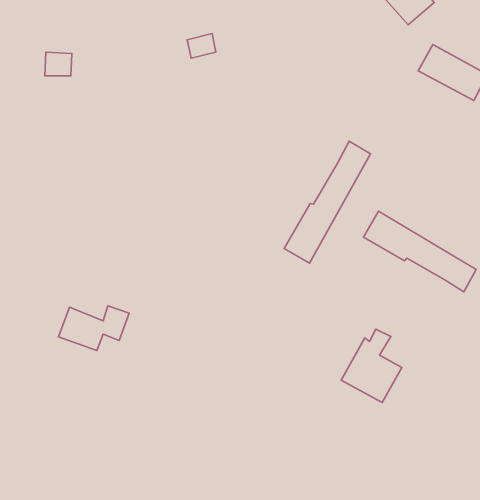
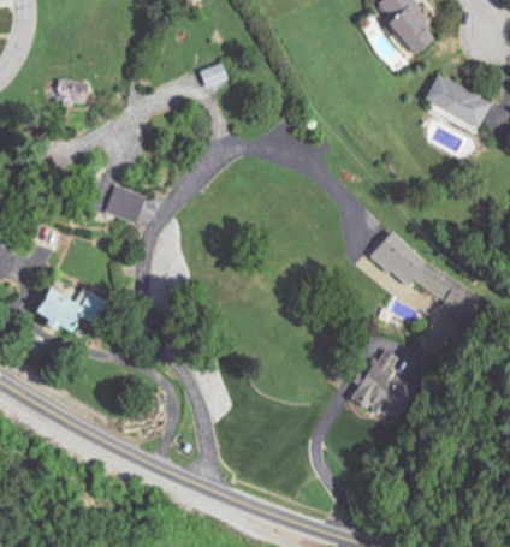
building: [284,141,371,263] -> none
building: none -> [105,184,144,222]
building: [58,306,129,350] -> [32,287,101,331]

